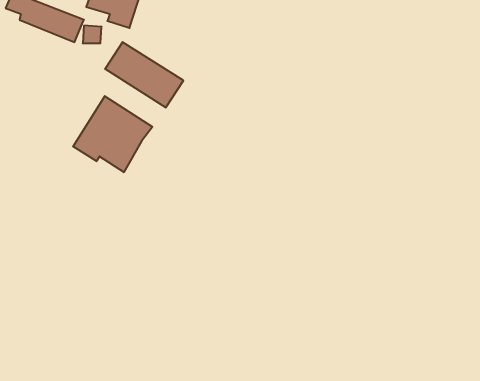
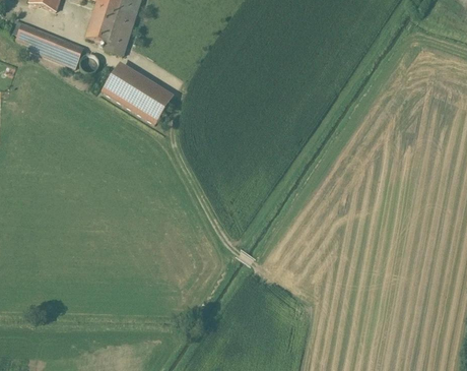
building: [73,96,152,172] -> none

